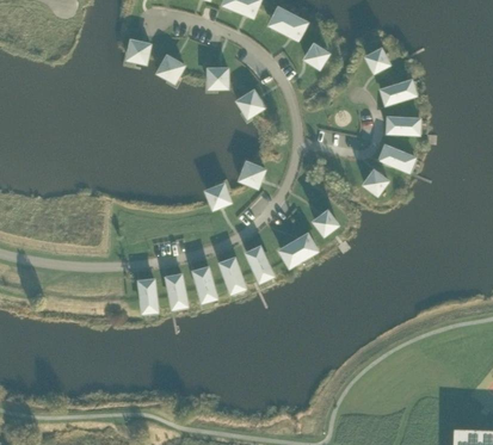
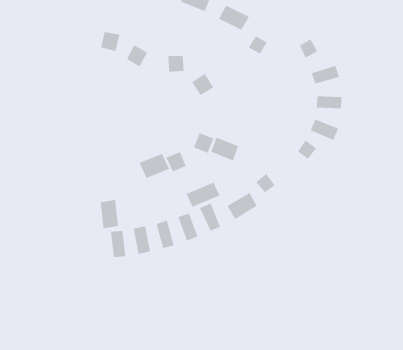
building: none -> [211,137,239,161]
building: none -> [139,153,170,179]
building: none -> [186,182,220,208]
building: none -> [100,199,119,229]

